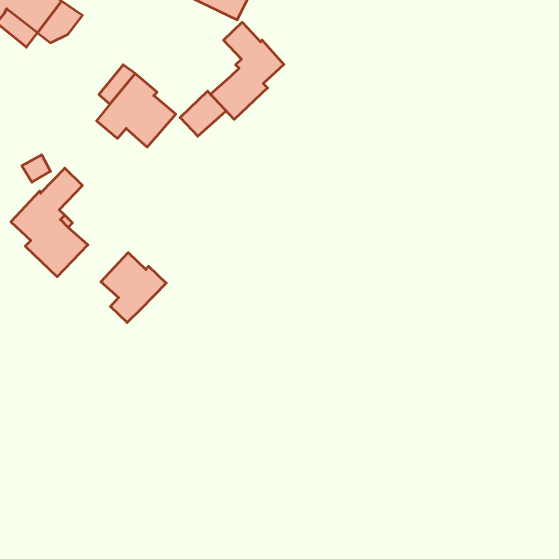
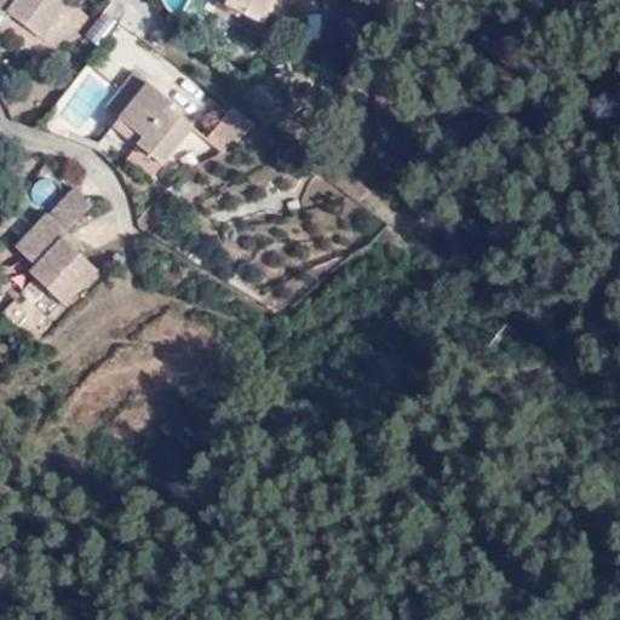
building: [210,22,284,119] -> none
building: [101,253,166,323] -> none

